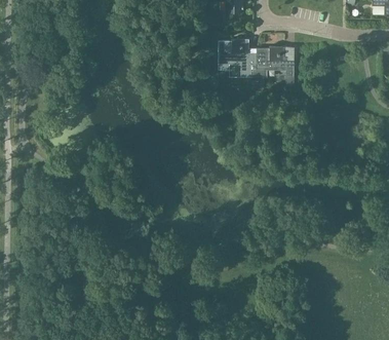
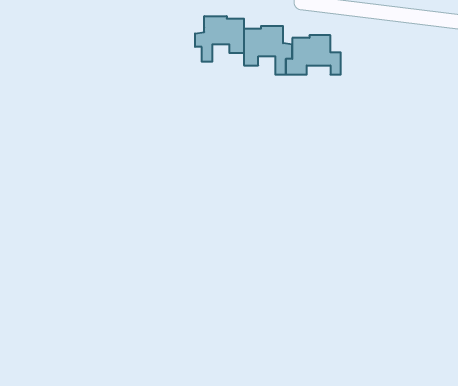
building: none -> [195,16,244,62]

